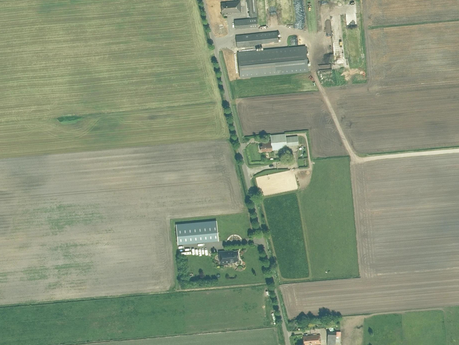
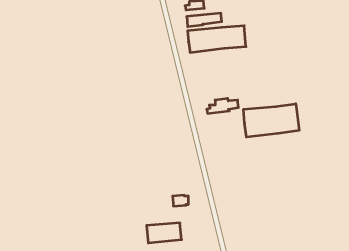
building: none -> [244,104,299,137]
building: [176,221,218,245] -> [147,223,182,243]

